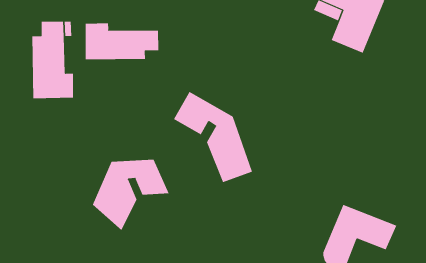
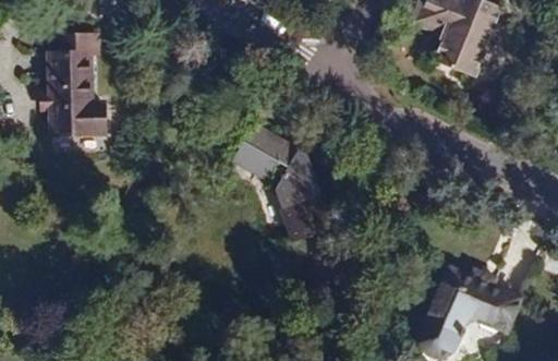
building: [85,22,159,60] -> none
building: [92,159,169,231] -> none

